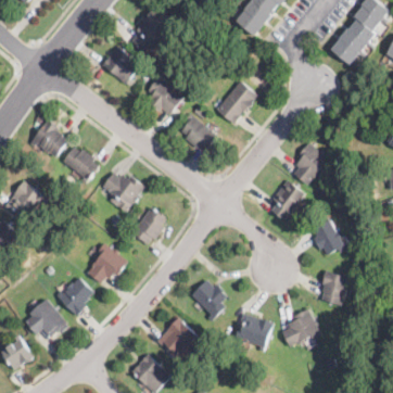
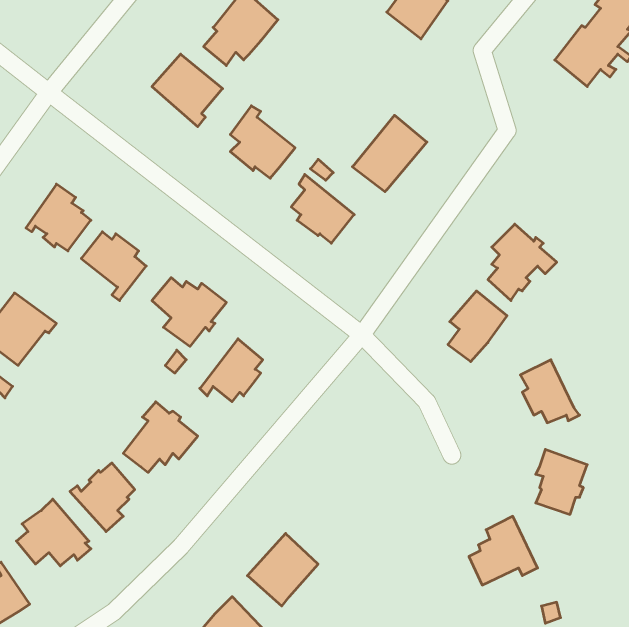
building: [191,279,226,321] -> none
building: [234,313,272,351] -> none

